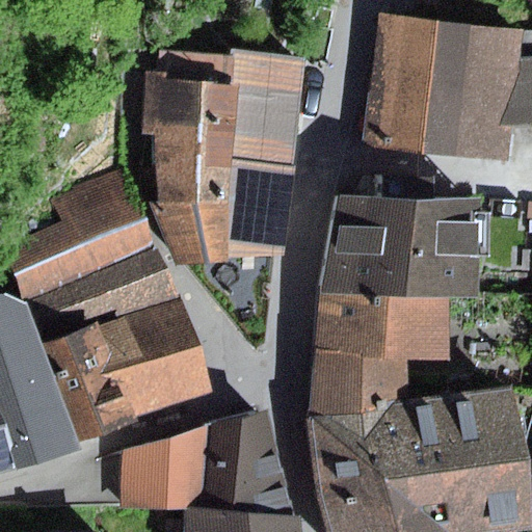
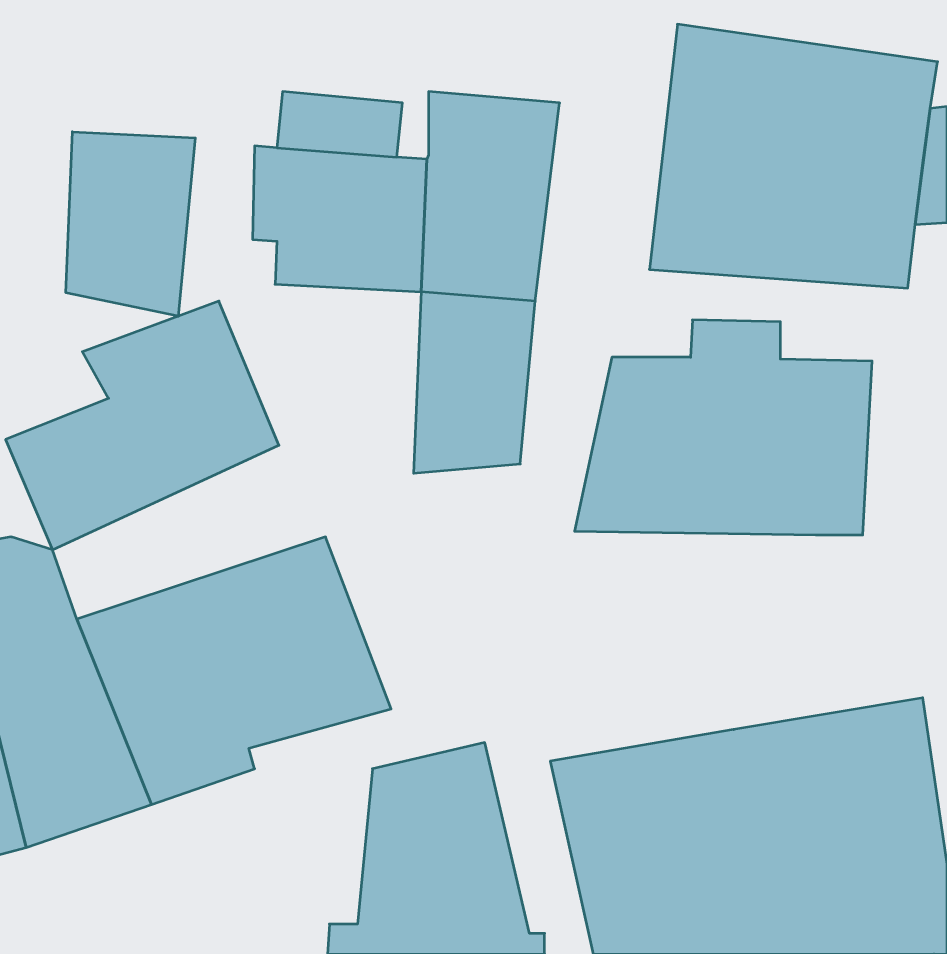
building: none -> [66,132,195,316]
building: [150,158,234,266] -> none
building: [29,247,181,344] -> none
building: [305,295,453,423] -> none
building: [115,427,207,513] -> none

